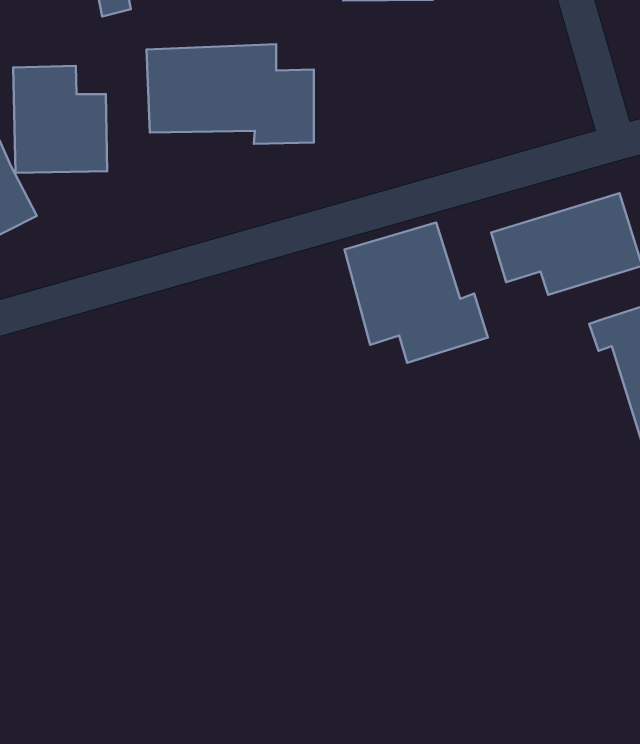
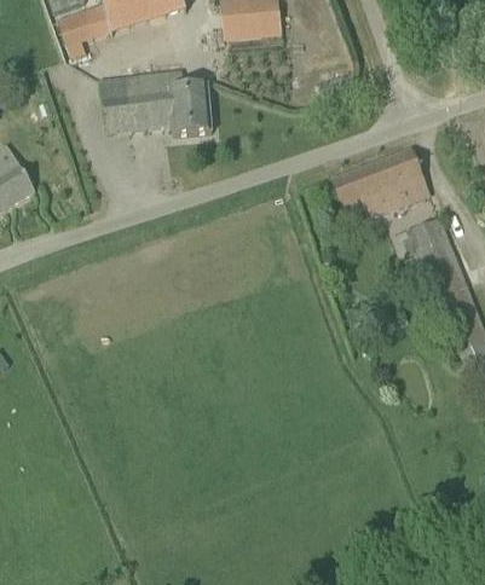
building: [13,66,107,173] -> none
building: [344,223,488,363] -> none

